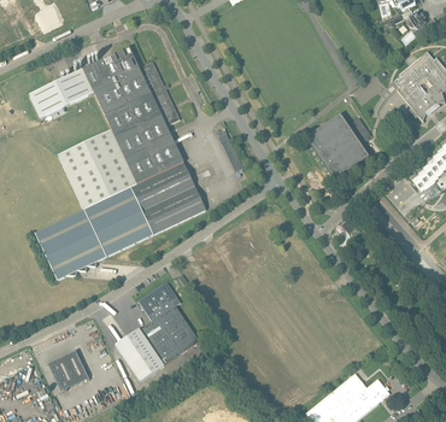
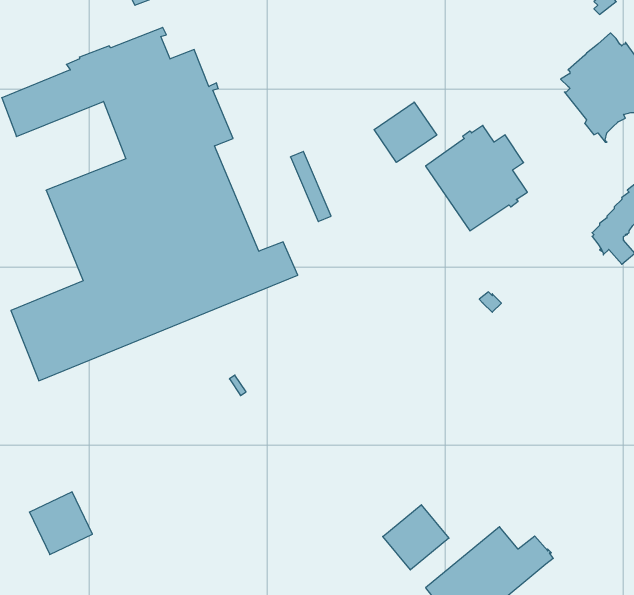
building: none -> [374,102,437,162]
building: [113,280,199,380] -> none
building: none -> [383,505,449,570]

